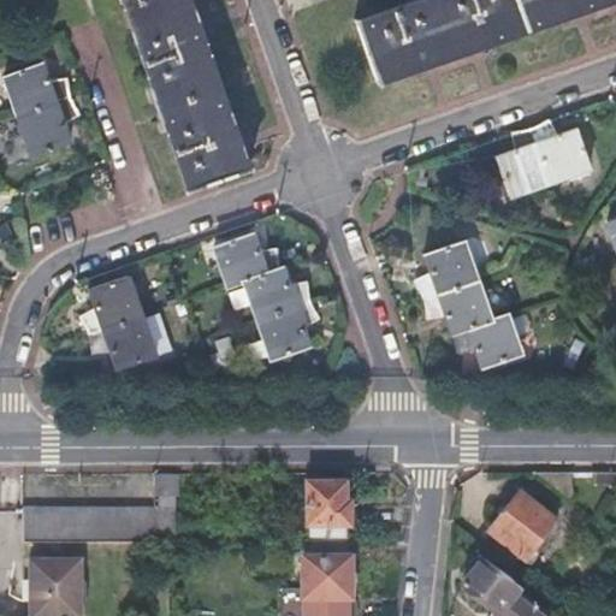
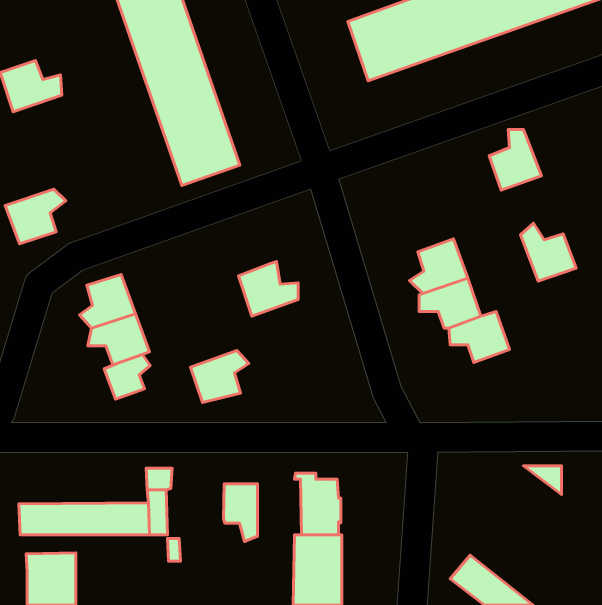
building: [18,96,79,152] -> [5,189,66,244]
building: [535,119,592,178] -> [520,223,576,281]
building: [219,236,278,284] -> none
building: [260,303,319,356] -> [191,350,249,403]
building: none -> [104,354,150,399]
building: none -> [223,484,257,542]
building: [492,493,557,561] -> none

